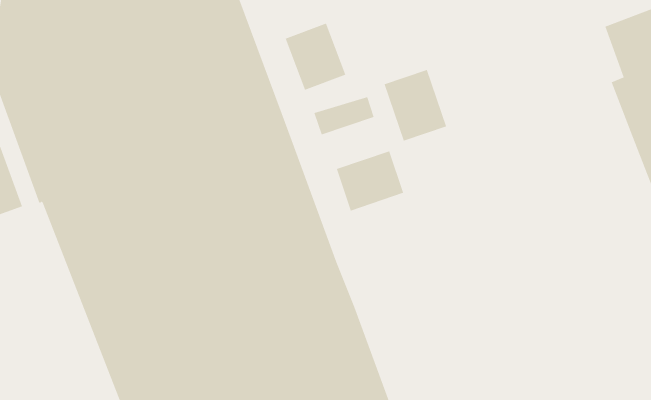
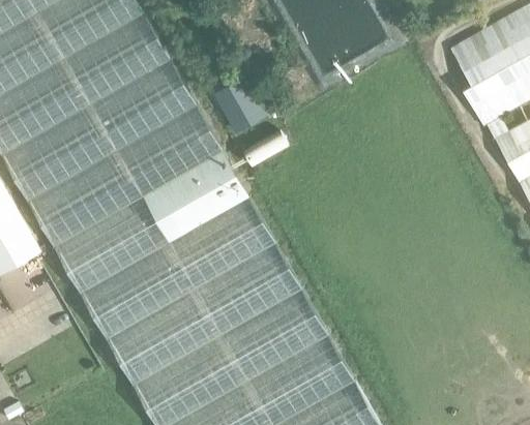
building: [384,69,447,142] -> none
building: [336,150,404,211] -> none

